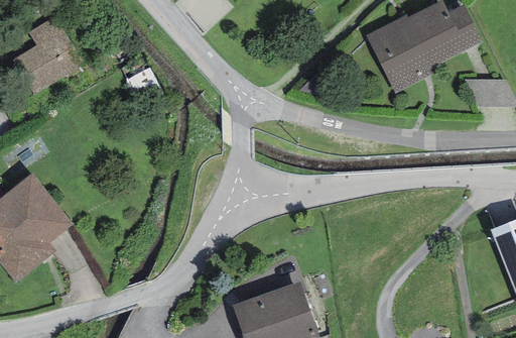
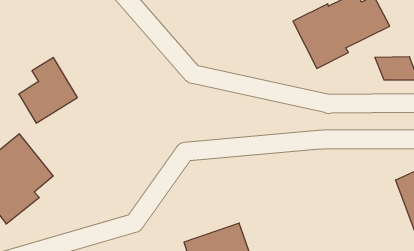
building: [12,15,84,95] -> [19,58,77,123]

